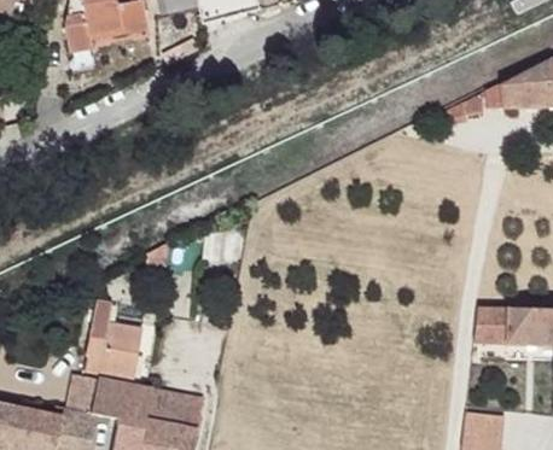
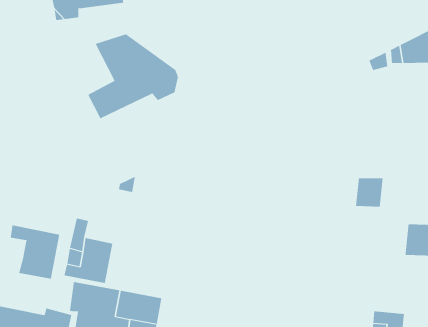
building: none -> [87,33,178,119]
building: [471,305,506,341] -> [355,178,384,207]
building: none -> [10,225,60,279]

